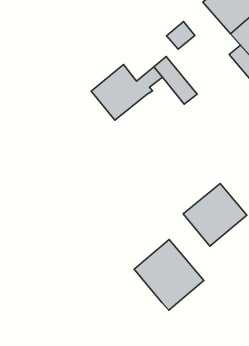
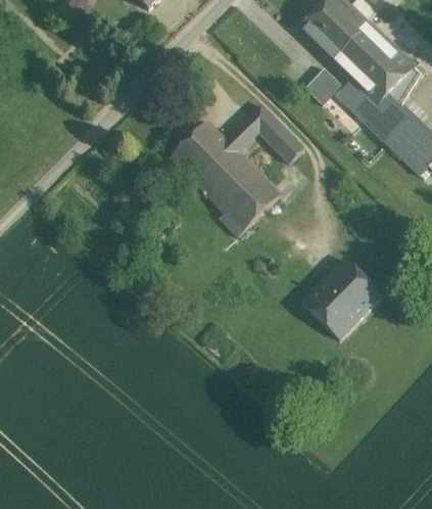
building: [167,21,195,49] -> [303,65,339,101]
building: none -> [202,154,280,235]
building: [134,239,204,310] -> none

